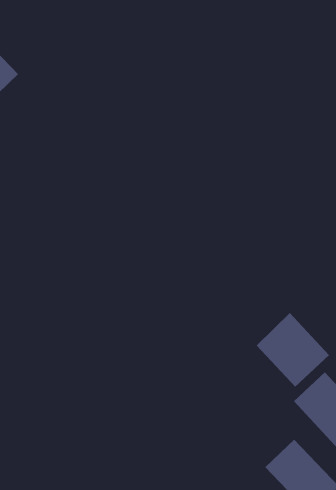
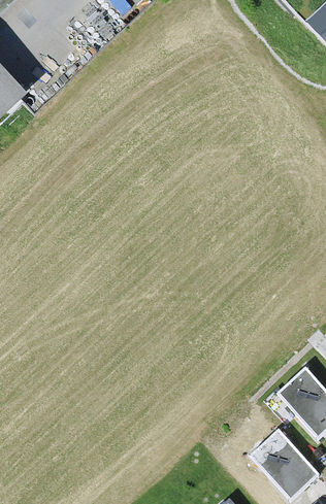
building: [256,312,330,387] -> none

